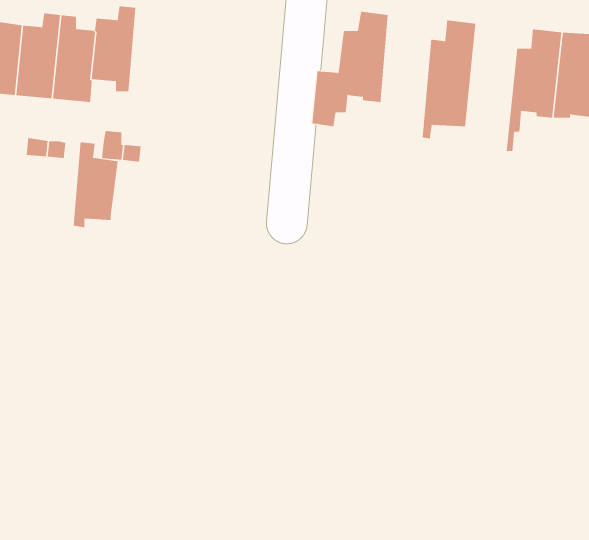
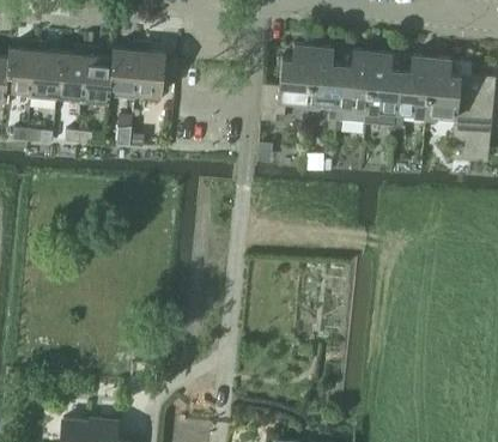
building: none -> [308,46,341,129]
building: none -> [365,52,400,139]
building: [73,142,118,228] -> [135,41,166,99]

